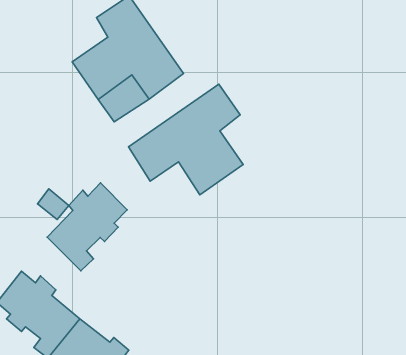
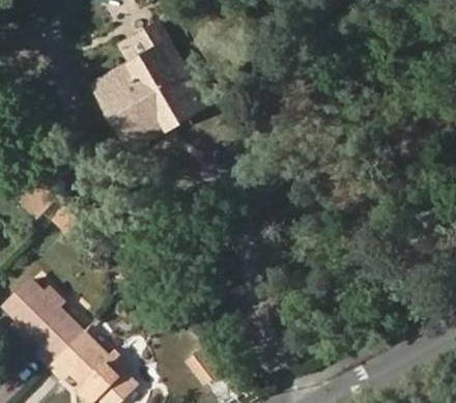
building: [128,84,243,195] -> none
building: [47,183,127,271] -> none

